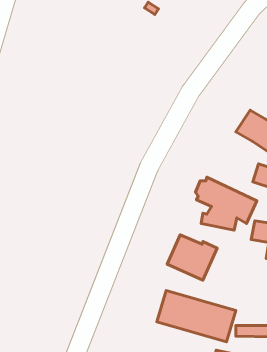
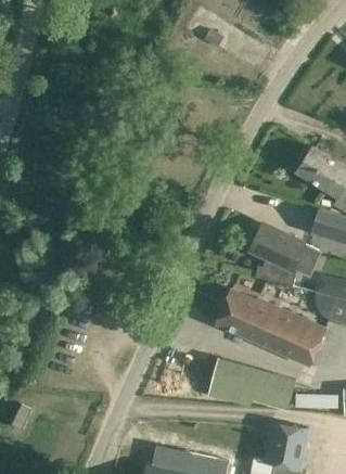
building: none -> [256,307,324,367]

